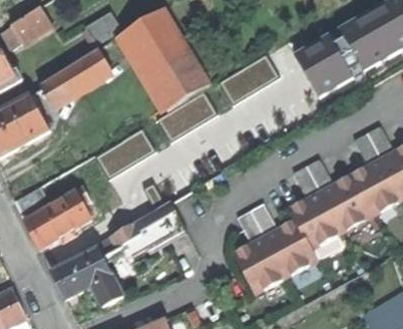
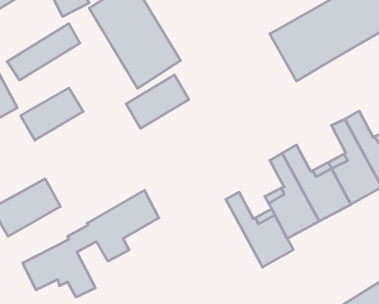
building: [217,54,278,106] -> none
building: [93,129,154,181] -> [21,88,83,140]
building: [234,214,288,297] -> none

